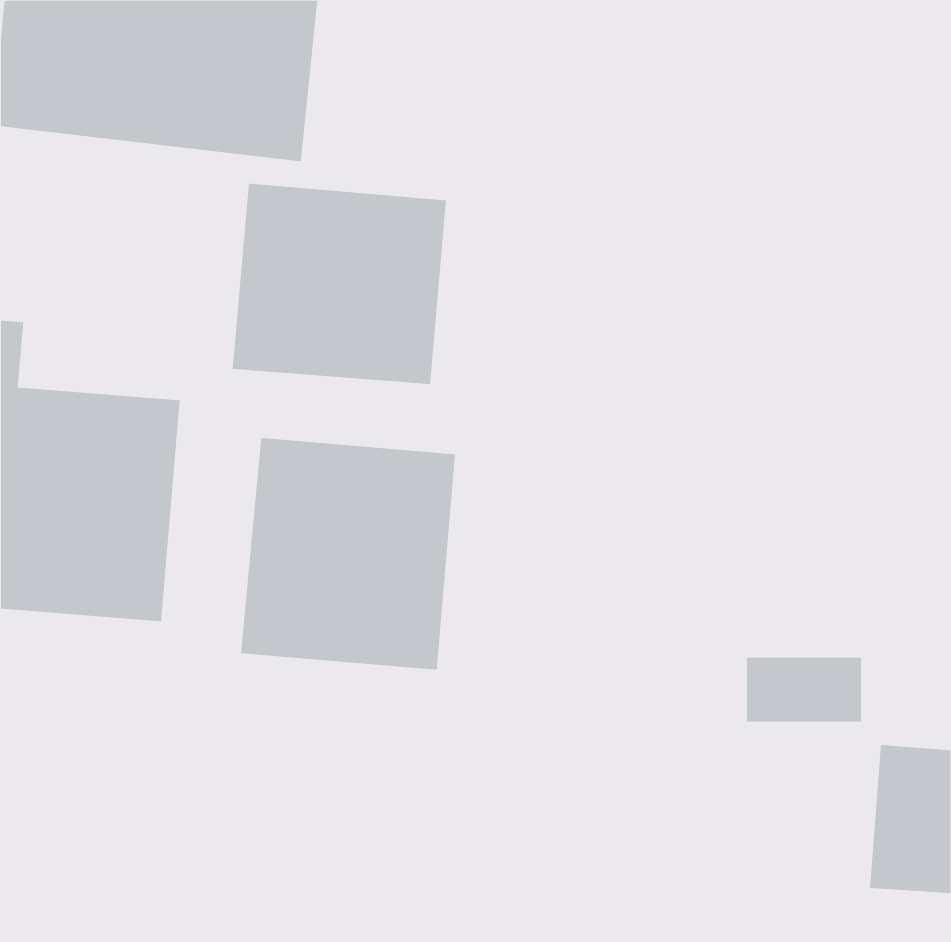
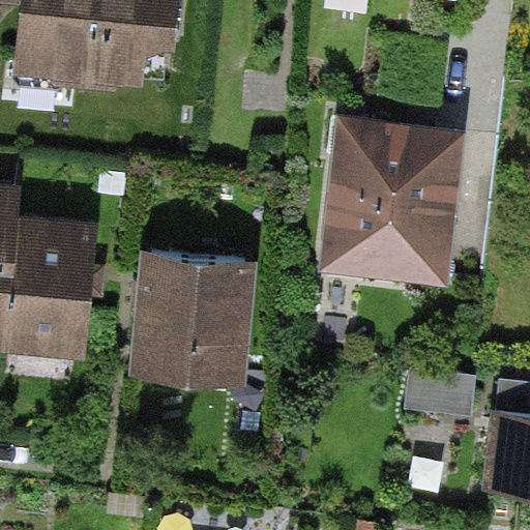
building: [232,183,447,385] -> none
building: none -> [320,117,462,284]

